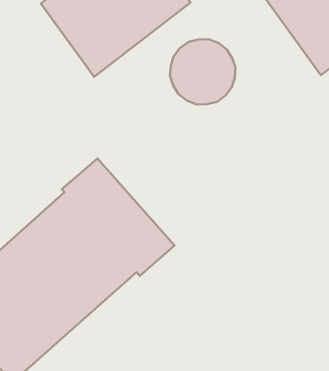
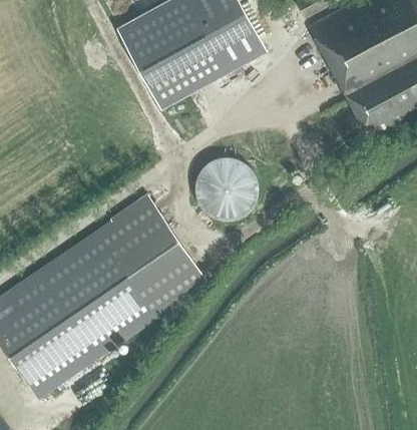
building: [170,39,235,104] -> [195,156,260,220]

